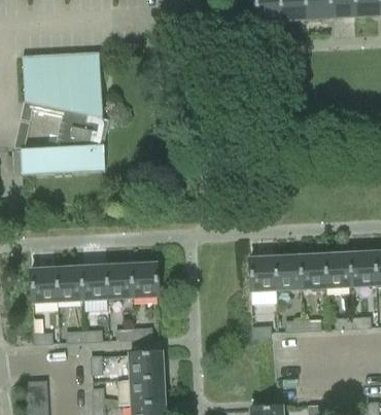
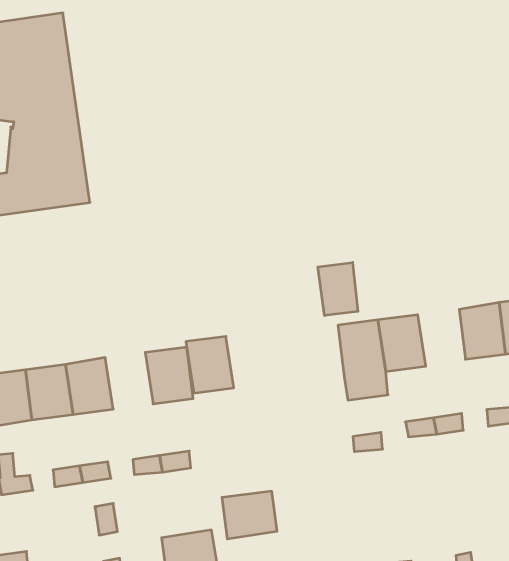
building: none -> [318,262,358,316]
building: [300,254,326,287] -> none
building: [106,264,133,297] -> [186,336,234,393]
building: [130,351,162,378] -> [222,491,277,539]

